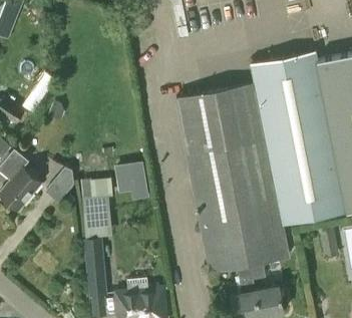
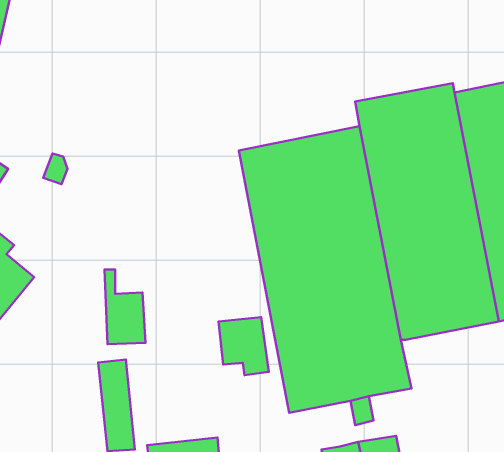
building: [119,160,152,198] -> [219,317,269,375]
building: [44,169,73,204] -> none

